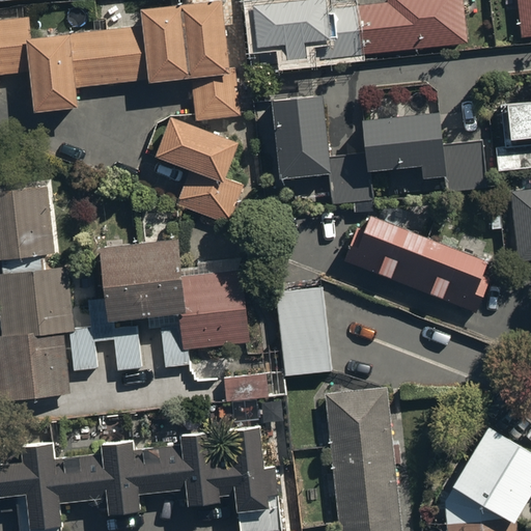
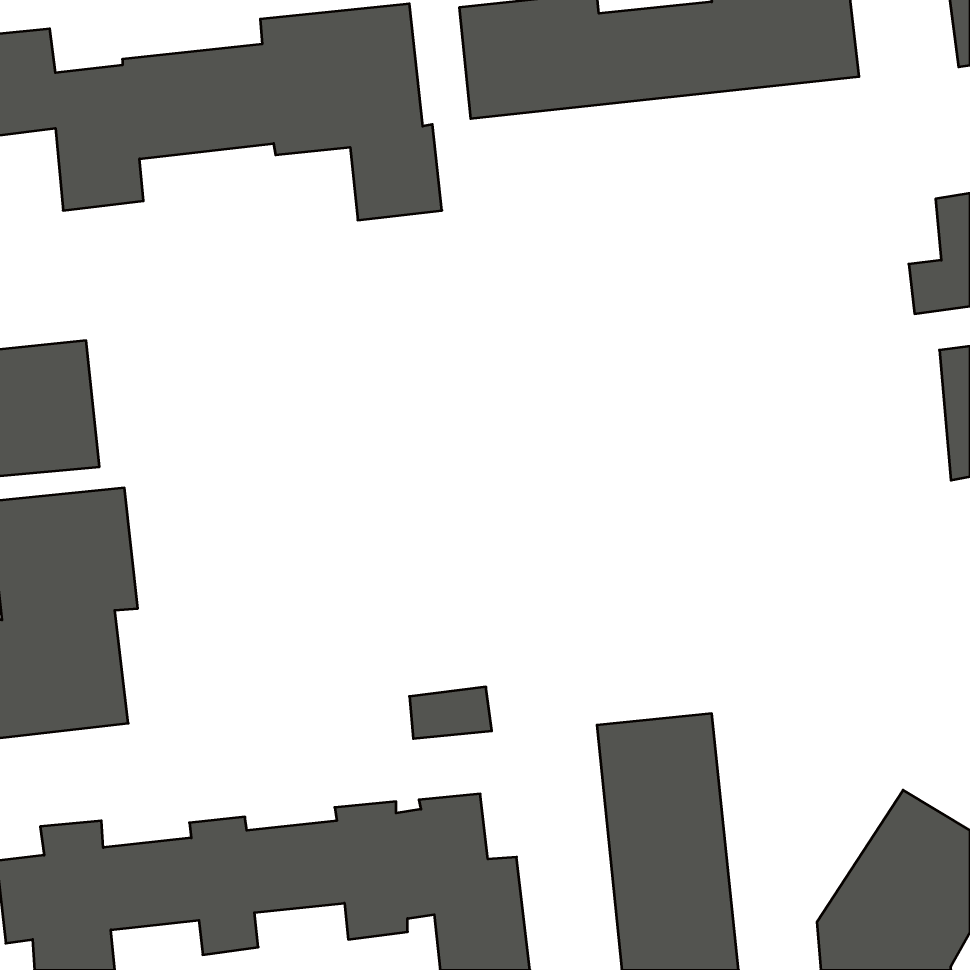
building: [272,97,485,202] -> none
building: [155,118,243,223] -> none
building: [343,218,487,311] -> none
building: [101,241,248,348] -> none
building: [274,286,331,376] -> none

